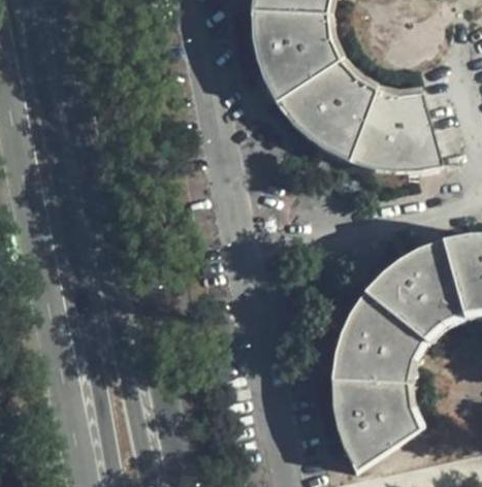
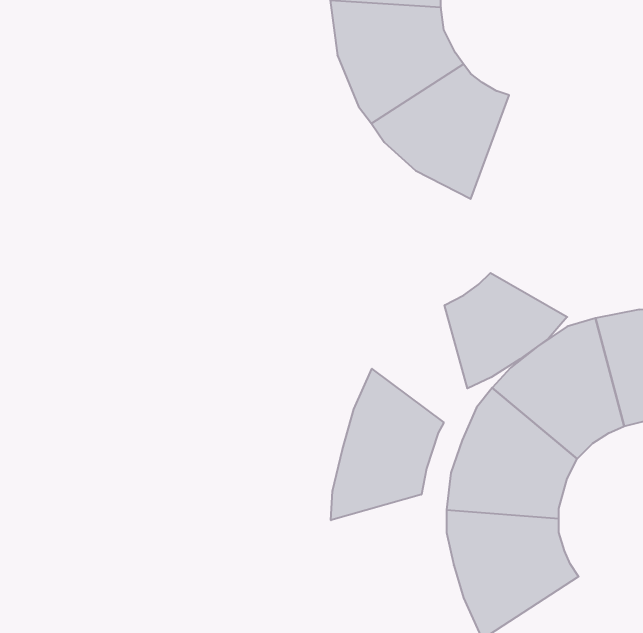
building: [349,79,436,162] -> none
building: none -> [445,273,567,388]
building: none -> [331,369,444,520]

